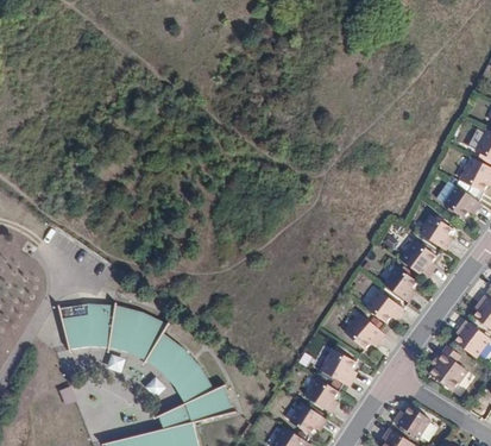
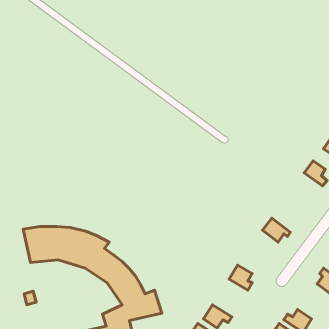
building: [401,243,432,278] -> none
building: [382,265,413,302] -> none
building: [344,312,378,347] -> none
building: [306,378,335,412] -> none

